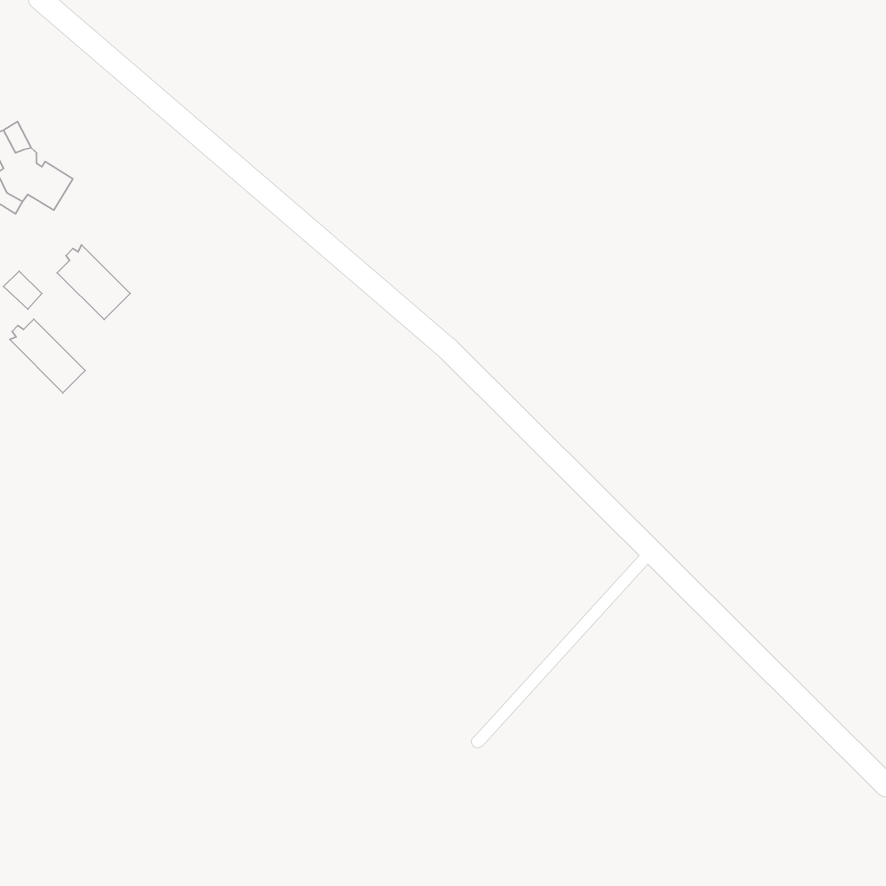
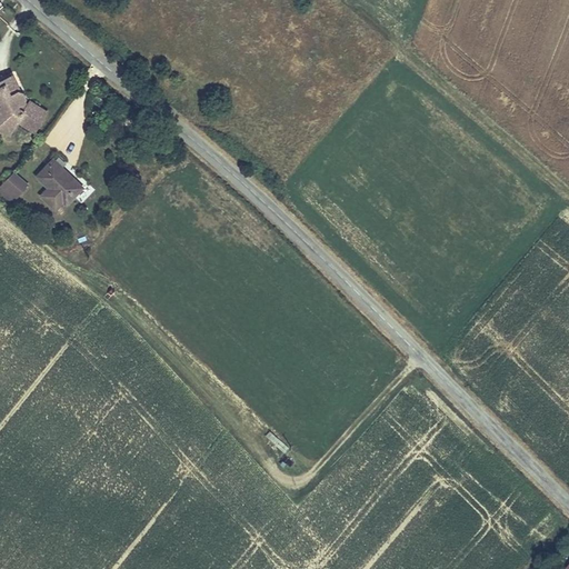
building: [10,319,85,393] -> none

